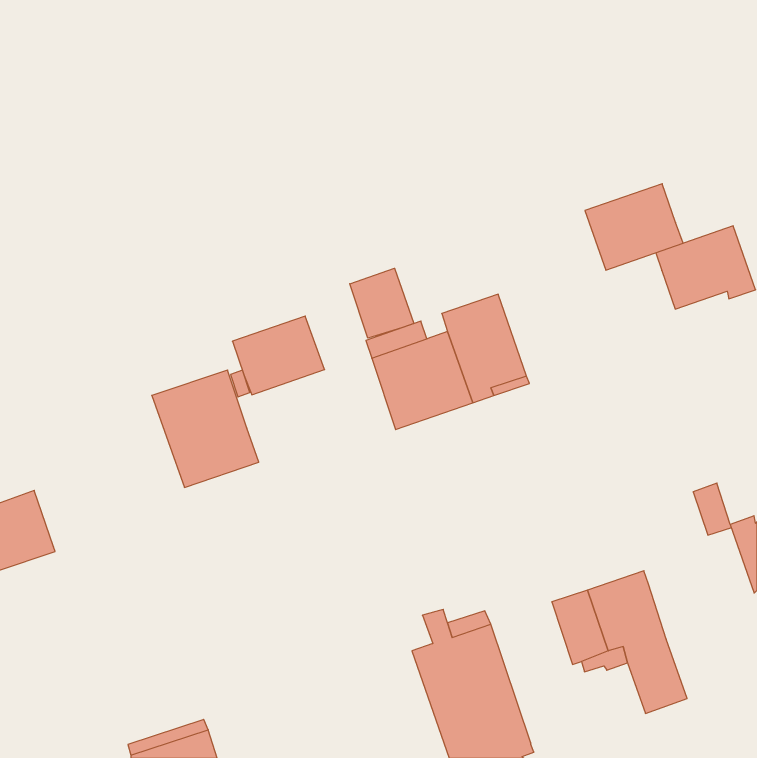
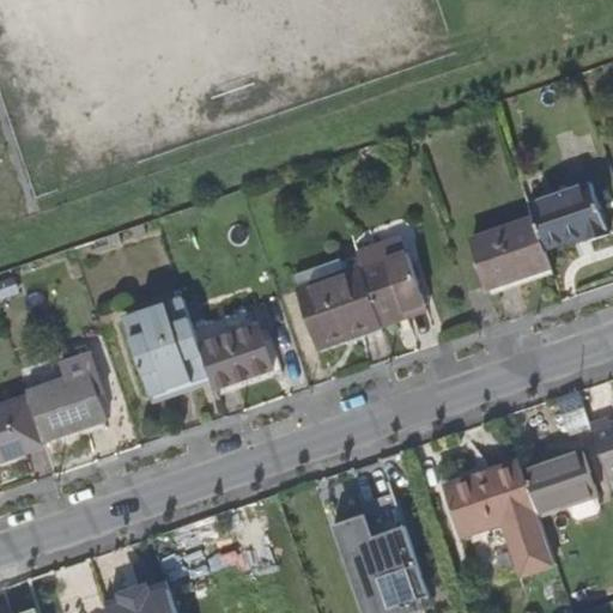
building: [585,184,683,270] -> [471,218,550,287]
building: [350,268,414,338] -> none
building: [232,316,325,395] -> [199,324,273,388]
building: none -> [25,370,104,441]
building: none -> [522,451,597,515]

